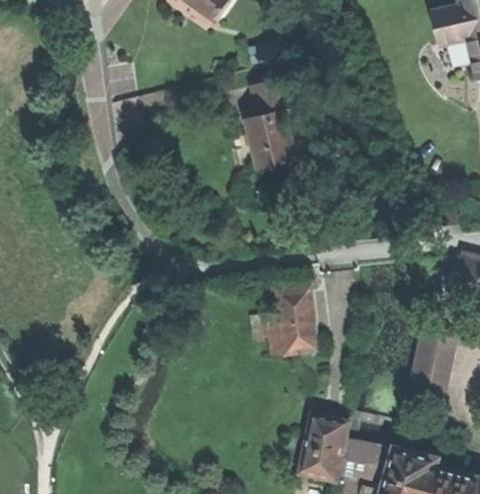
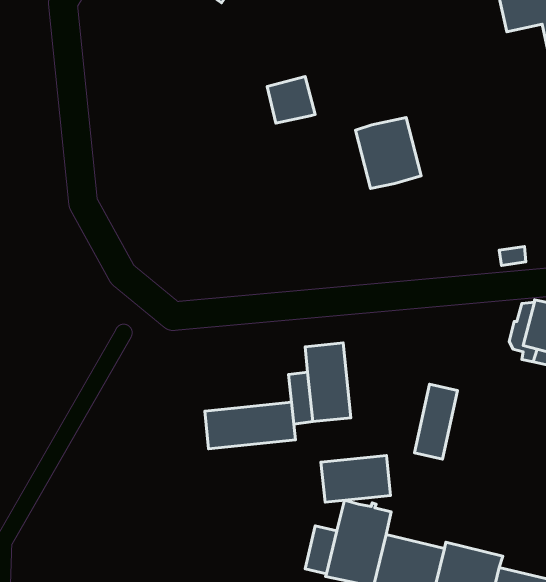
building: [246,110,298,166] -> [355,117,421,188]
building: [420,330,454,389] -> [414,384,458,459]
building: none -> [205,402,295,449]
building: none -> [321,456,391,502]

